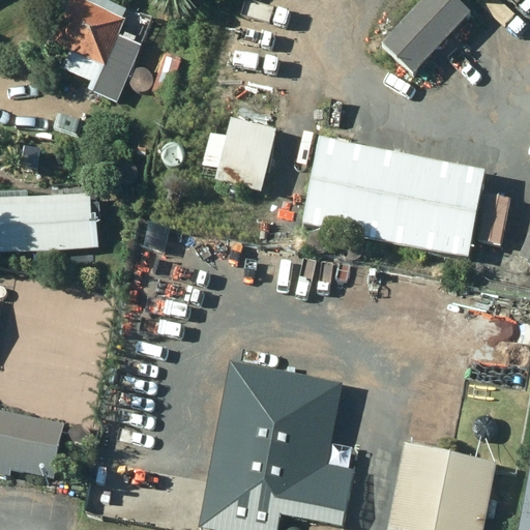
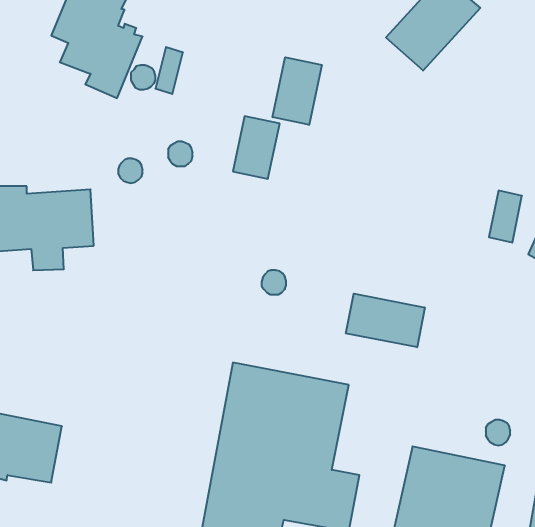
building: none -> [273,57,322,125]
building: [300,135,487,256] -> none
building: none -> [346,294,425,347]

